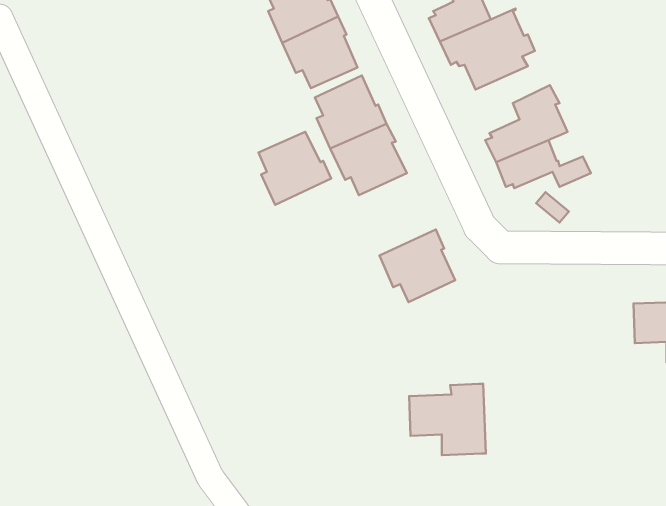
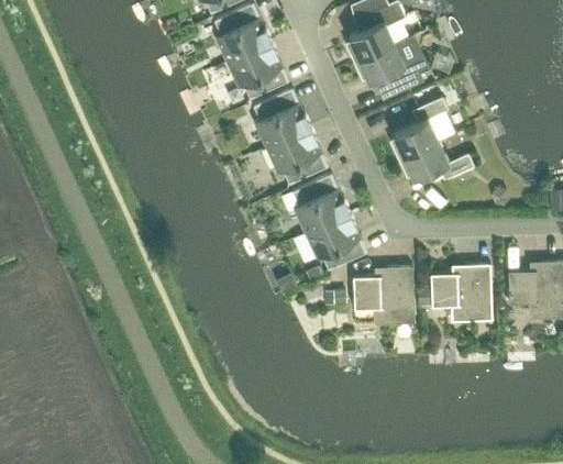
building: [259,132,331,205] -> [291,174,350,232]
building: none -> [430,264,492,320]
building: [409,384,486,455] -> [353,266,415,323]

